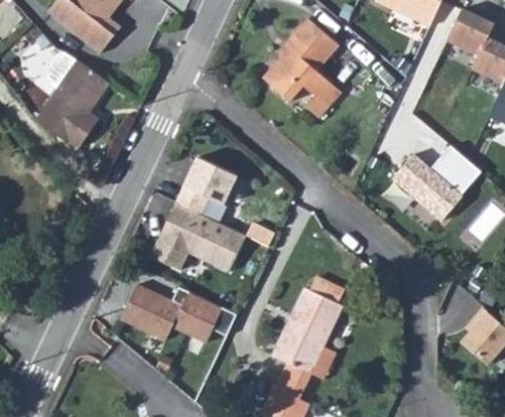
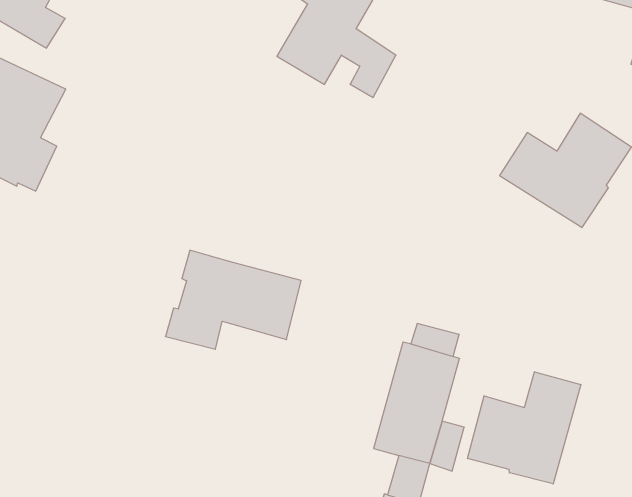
building: [175,157,236,215] -> none
building: [125,286,242,342] -> none
building: none -> [468,372,581,484]

